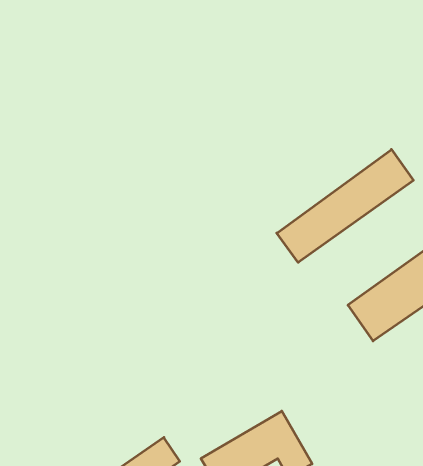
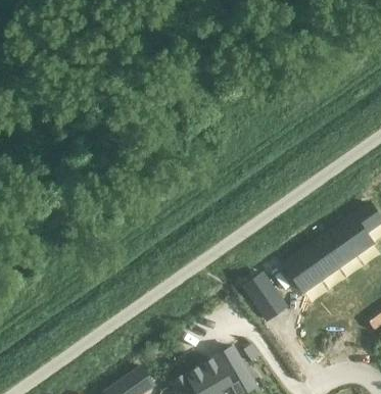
building: [277,149,413,262] -> none
building: none -> [243,274,287,321]

